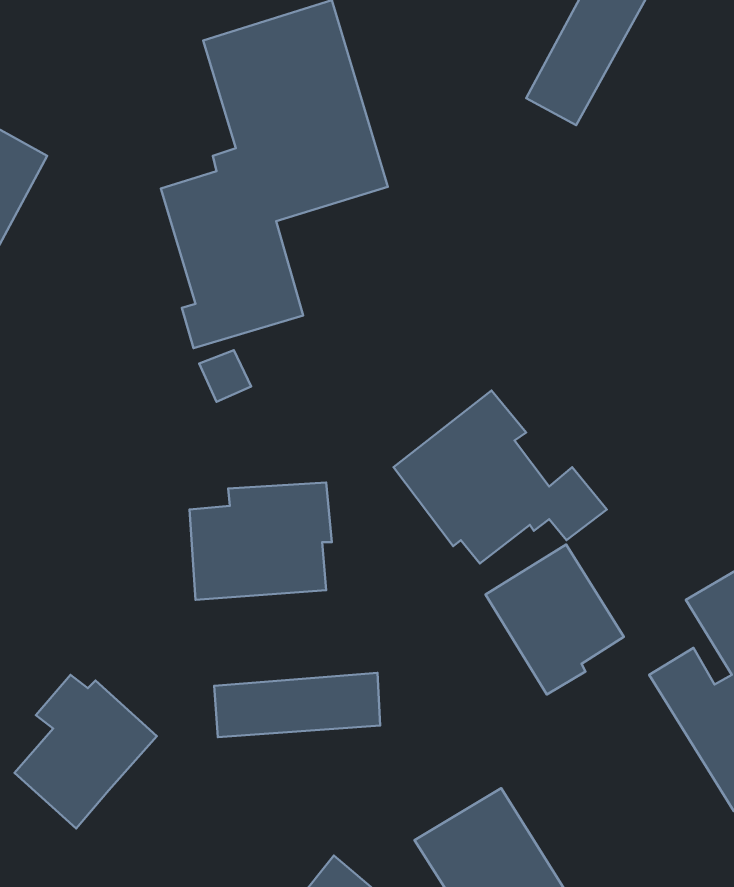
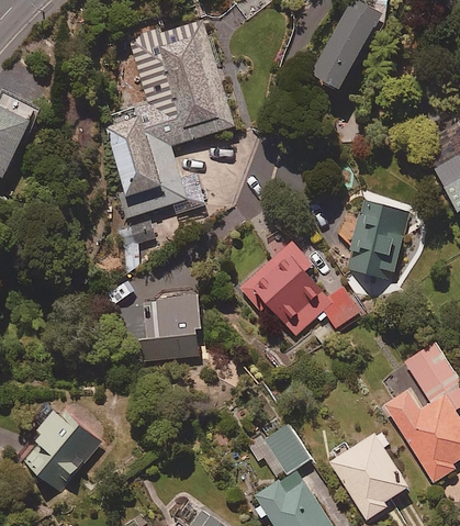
building: none -> [345,200,407,280]
building: [485,545,624,694] -> [329,434,408,519]
building: [214,673,380,737] -> none
building: none -> [248,423,310,480]

